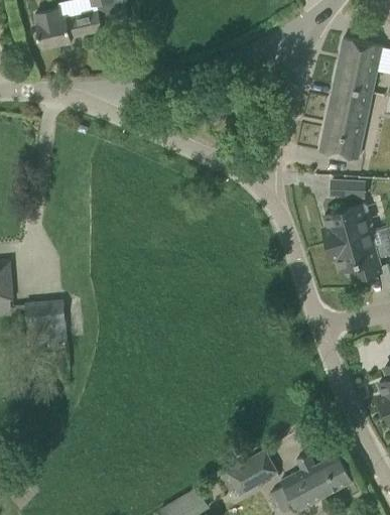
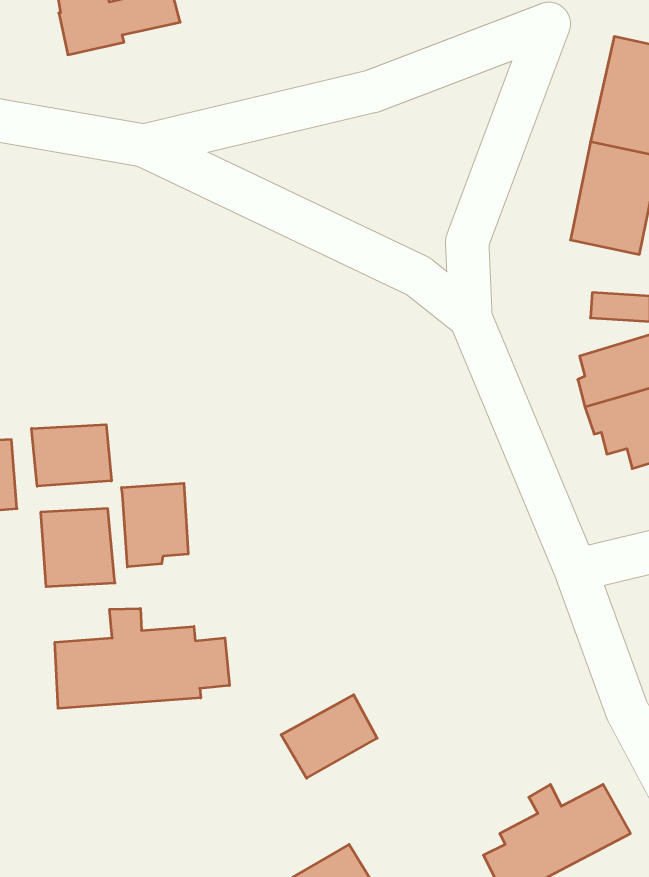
building: none -> [32,425,111,486]
building: none -> [122,483,188,567]
building: none -> [55,608,229,708]
building: [226,449,279,496] -> [281,695,377,778]

